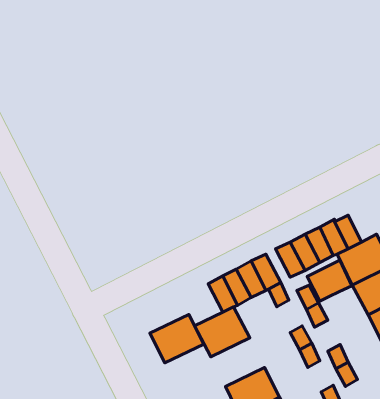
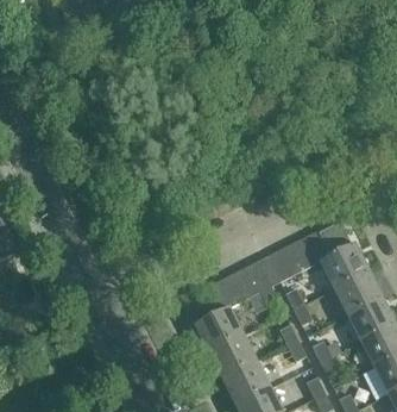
building: [307,260,352,301] -> none
building: [150,314,204,363] -> [209,335,257,377]

